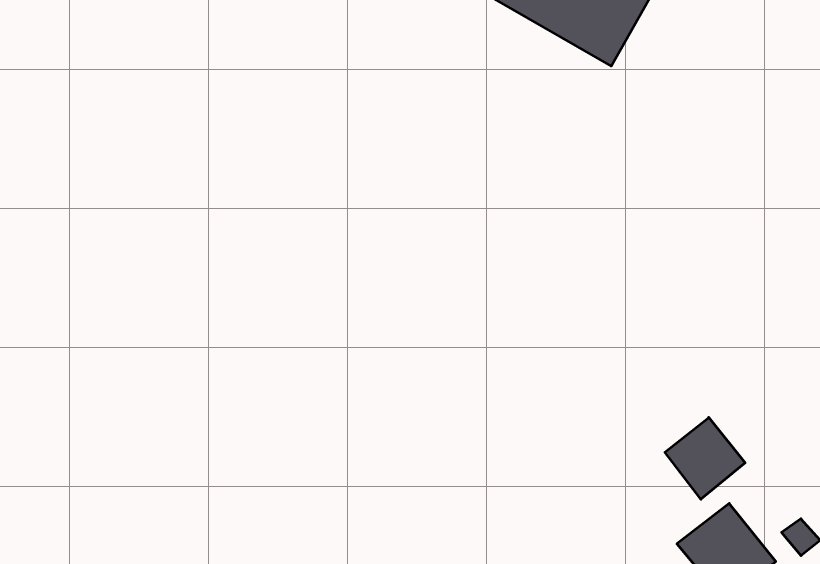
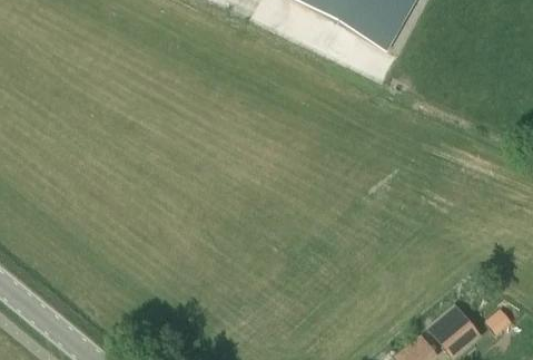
building: [665,417,745,499] -> none

